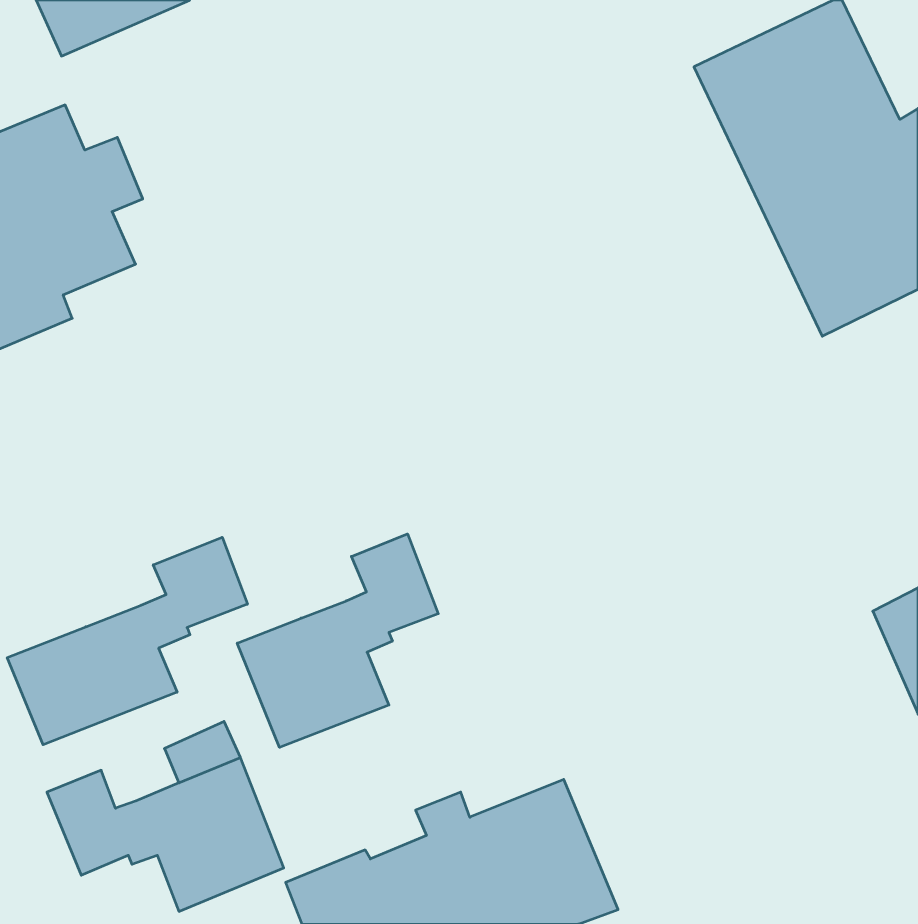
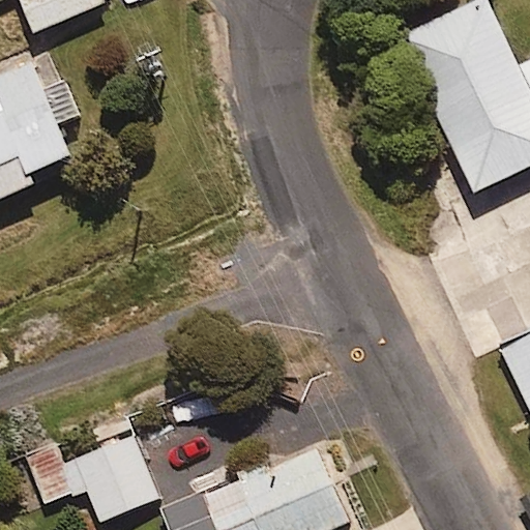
building: [237,534,438,747] -> none
building: [7,537,247,745] -> none

